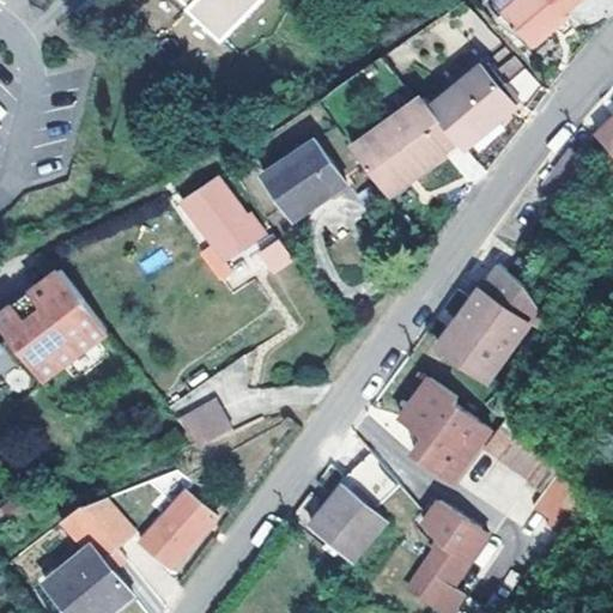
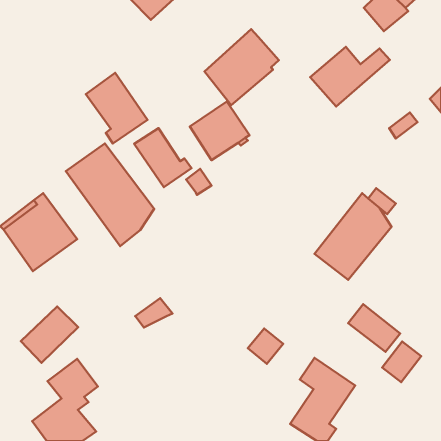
building: [354,96,457,201] -> [204,29,279,105]
building: none -> [86,73,148,144]
building: none -> [66,143,154,246]
building: [396,382,486,487] -> none
building: [309,485,386,564] -> none
building: [138,493,217,571] -> [21,306,78,363]

